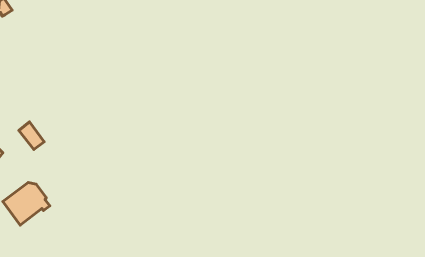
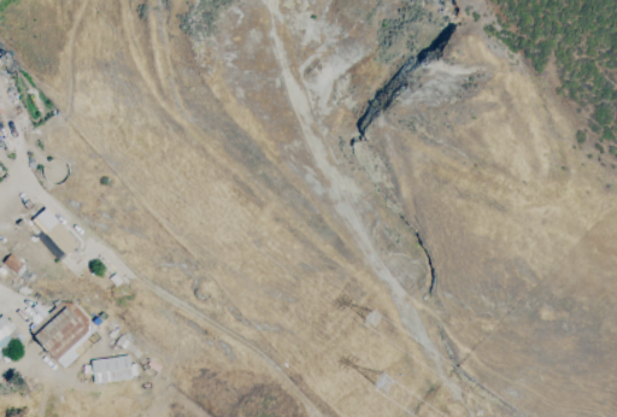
building: none -> [90,354,133,383]

